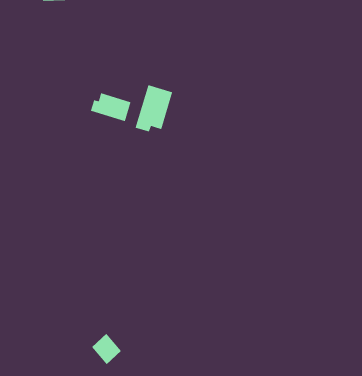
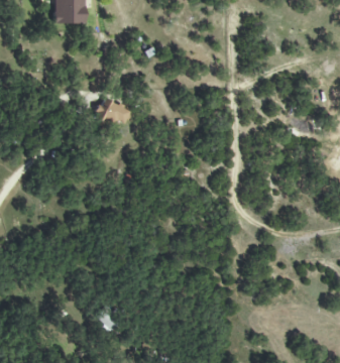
building: [135,84,173,133] -> none

